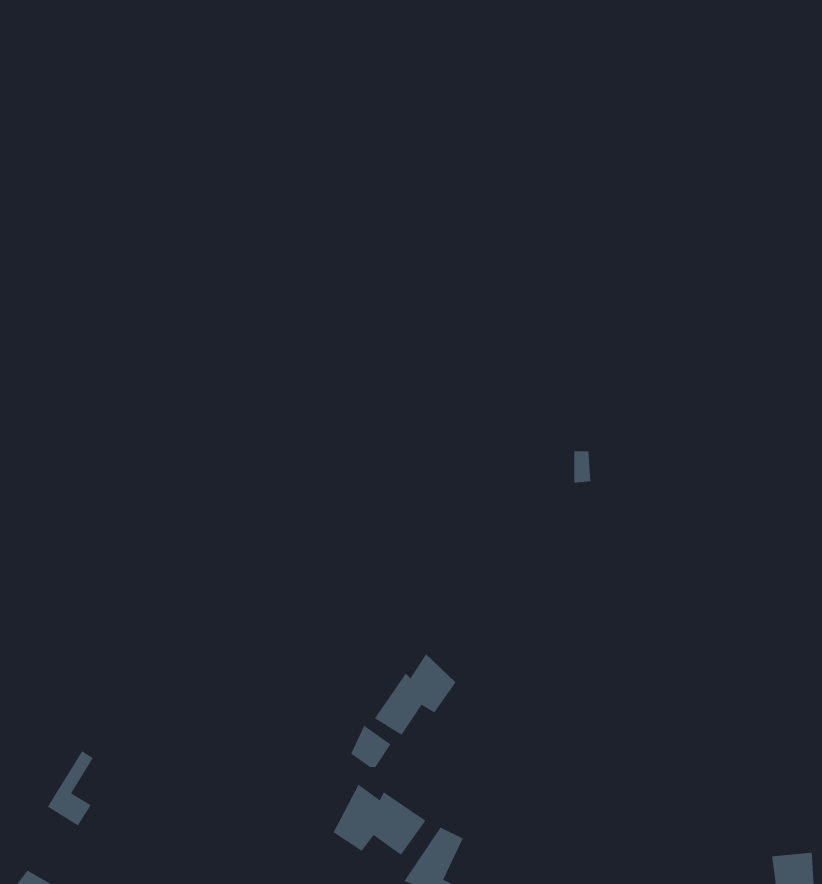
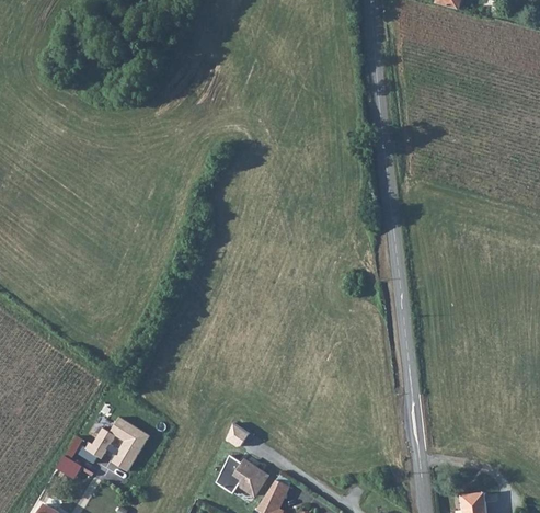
building: [374,653,456,736] -> none
building: none -> [77,417,148,471]

